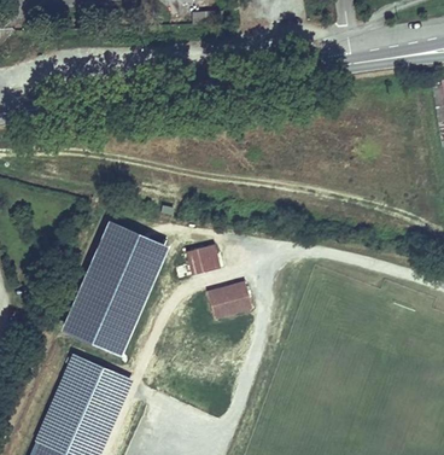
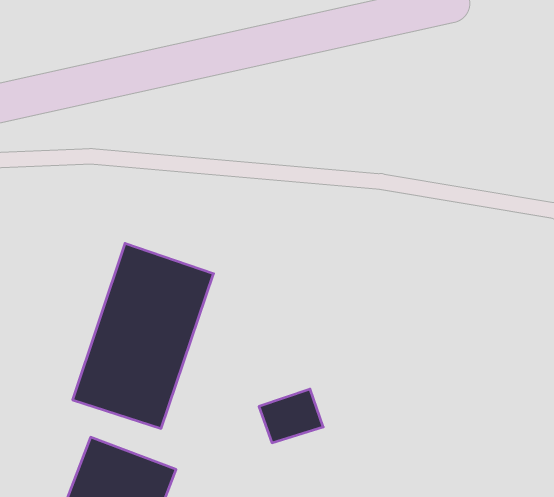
building: [186,245,220,275] -> none
building: [206,282,251,319] -> [259,389,323,443]

